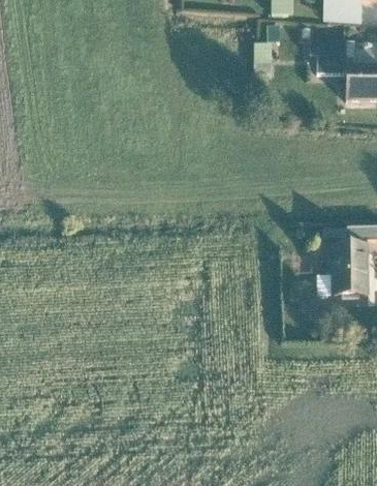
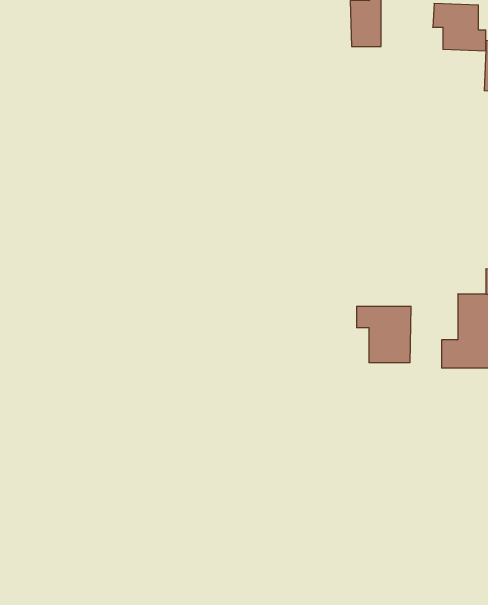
building: none -> [357,306,411,363]

